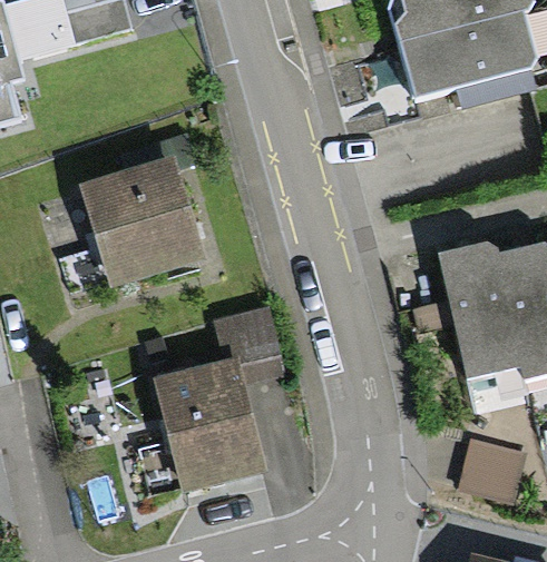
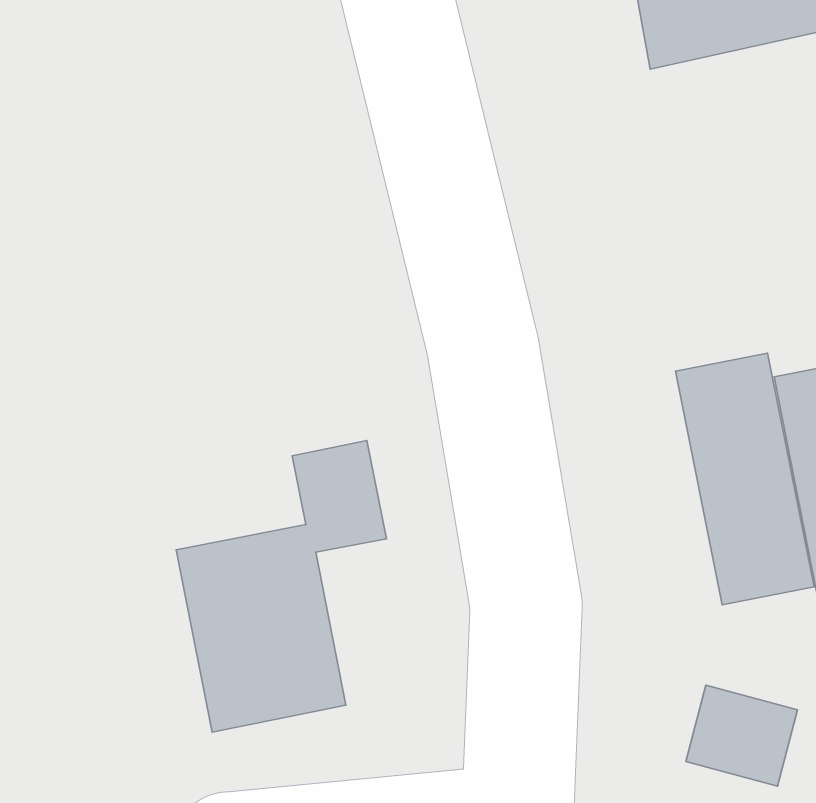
building: [95,165,198,280] -> none

